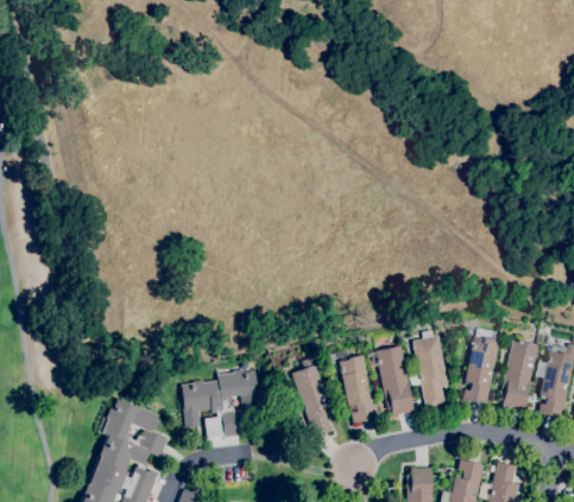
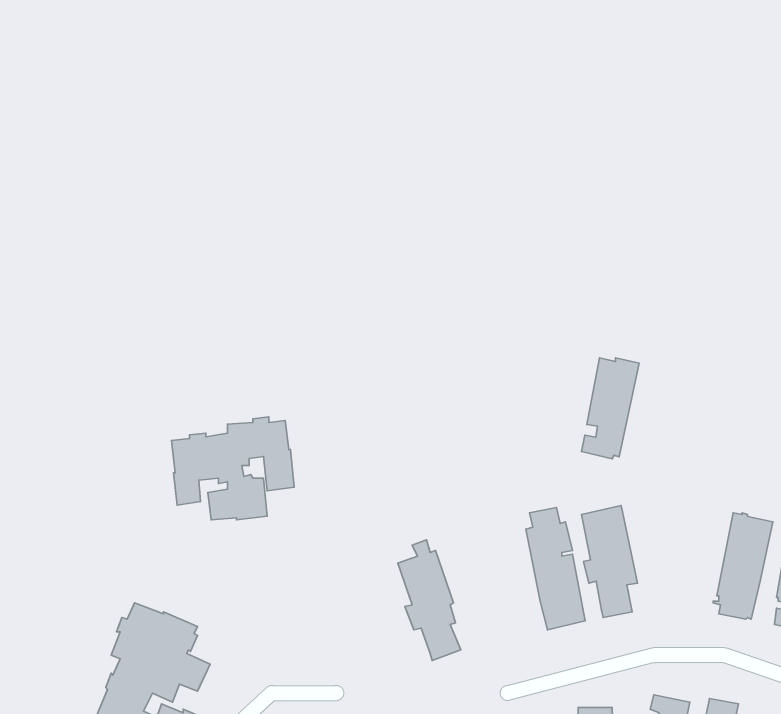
building: [462,337,500,403] -> [581,358,639,459]
building: [339,354,379,422] -> none
building: [181,369,261,437] -> [172,417,294,520]

